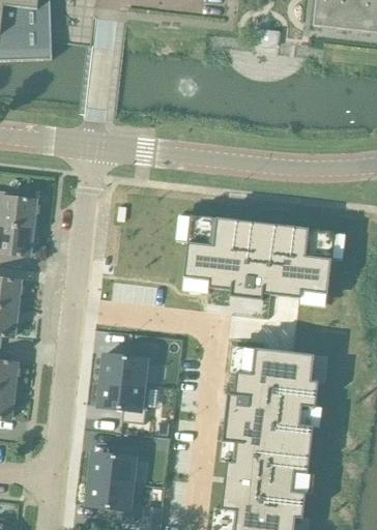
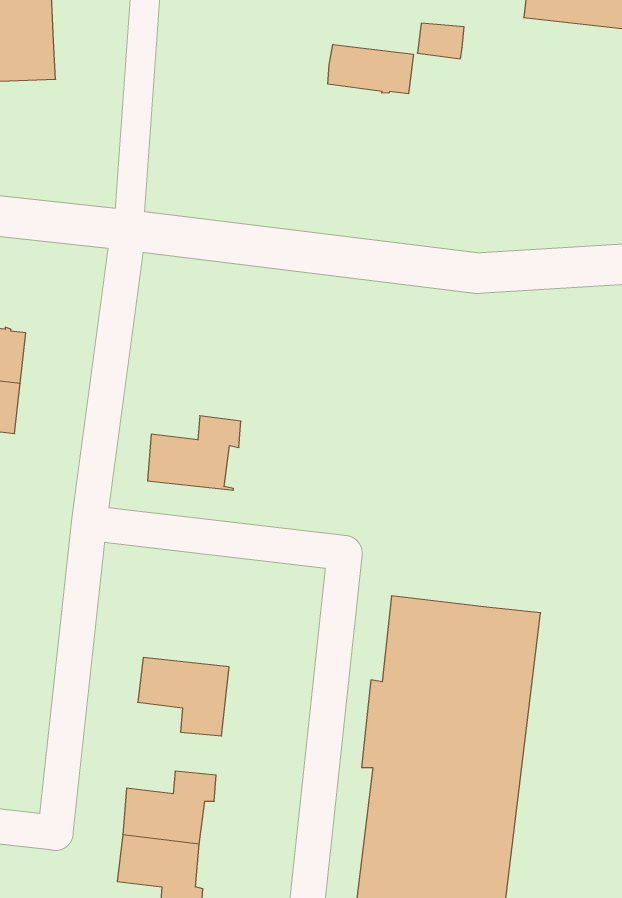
building: none -> [328,44,413,94]
building: [183,214,335,300] -> none
building: [102,344,153,385] -> [148,416,241,490]

